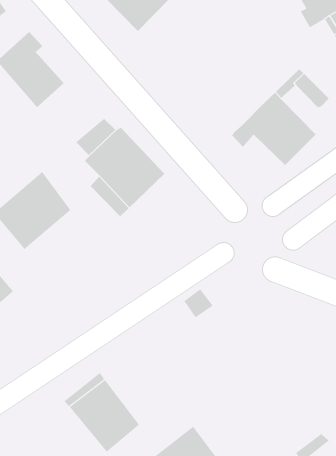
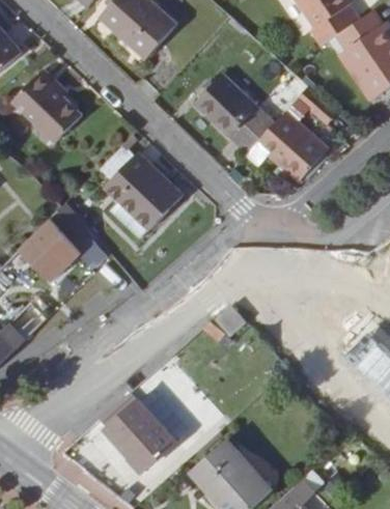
building: none -> [194,74,274,152]

